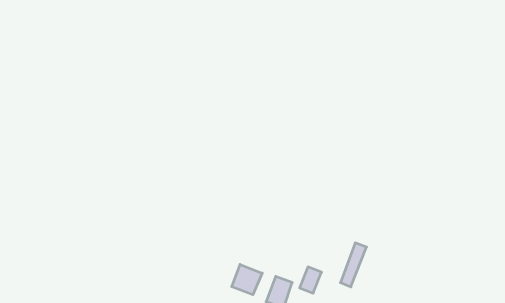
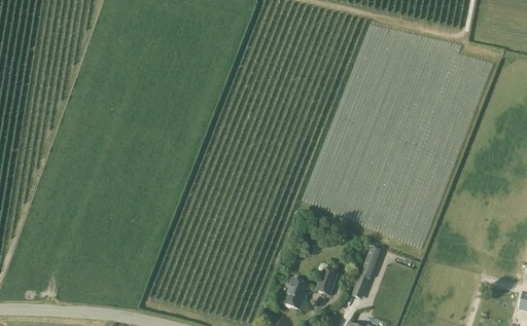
building: [232,264,262,295] -> none

